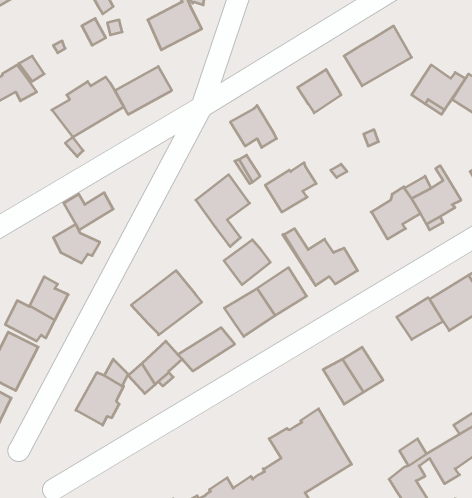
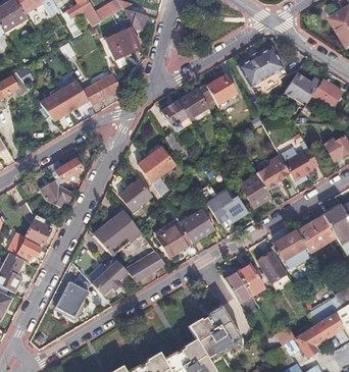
building: [265,163,316,212] -> [180,84,214,117]
building: none -> [240,172,271,205]
building: [224,240,270,285] -> [119,179,151,210]
building: none -> [258,250,287,281]

